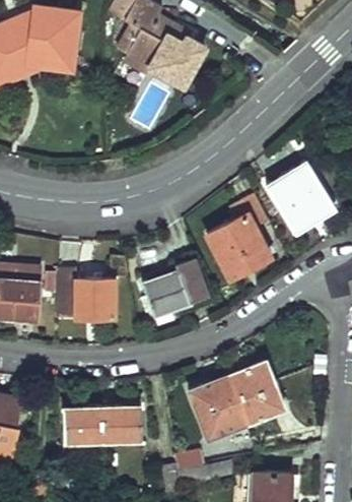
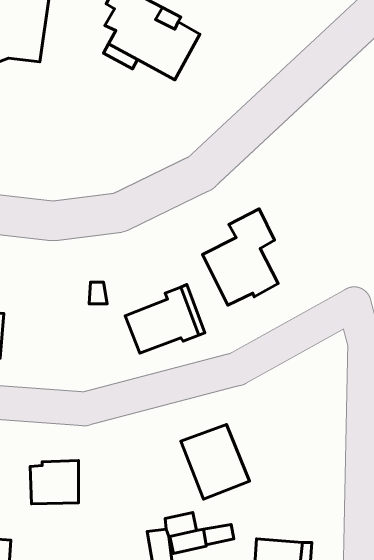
building: [267,163,331,230] -> none
building: [55,268,114,316] -> none
building: [226,361,283,424] -> none
building: [101,406,141,442] -> none

